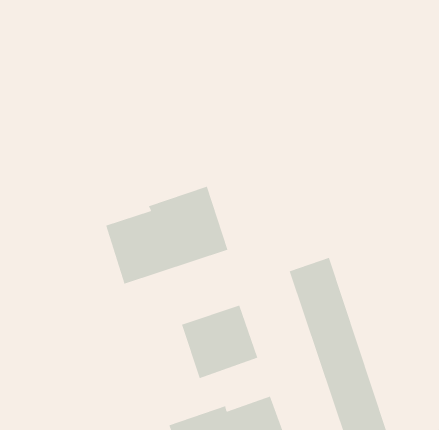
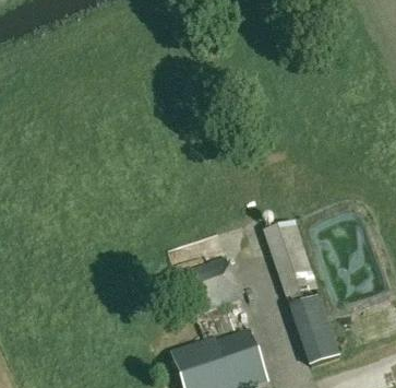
building: [105,186,228,285] -> none

